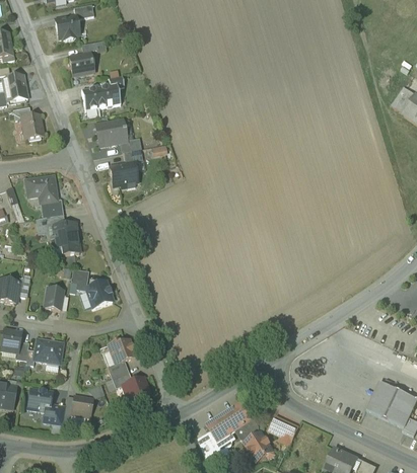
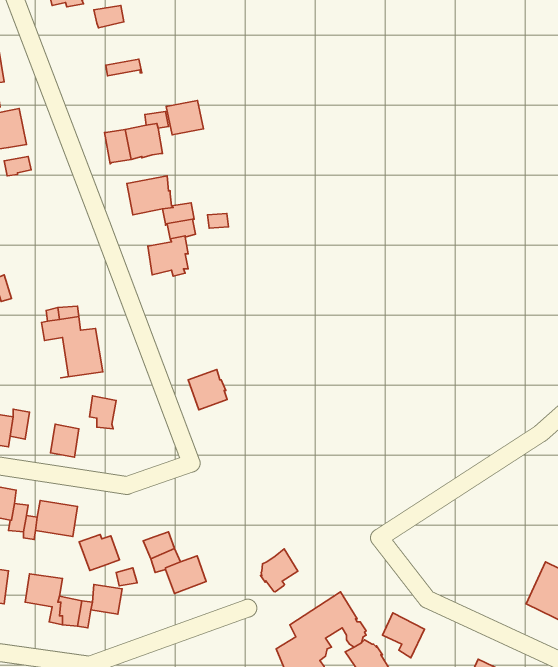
building: [56,16,79,40] -> none
building: [69,53,94,76] -> [166,101,204,135]
building: [22,114,44,139] -> none
building: [26,176,57,203] -> none
building: [86,281,113,308] -> [188,370,227,410]
building: [109,339,136,364] -> [79,534,120,570]
building: none -> [261,549,298,592]

